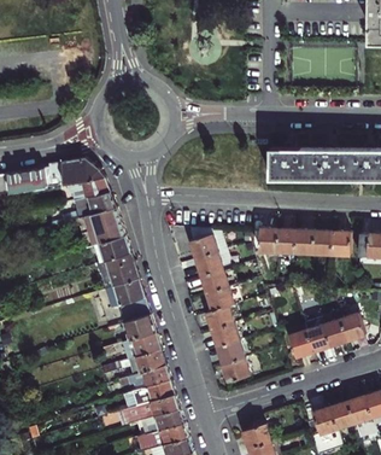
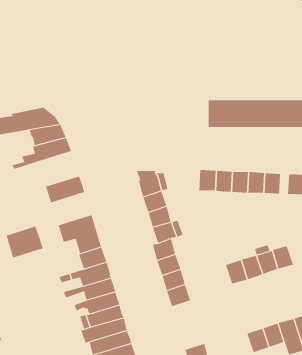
building: [76,208,123,247] -> none
building: [95,253,137,290] -> [6,226,43,258]

